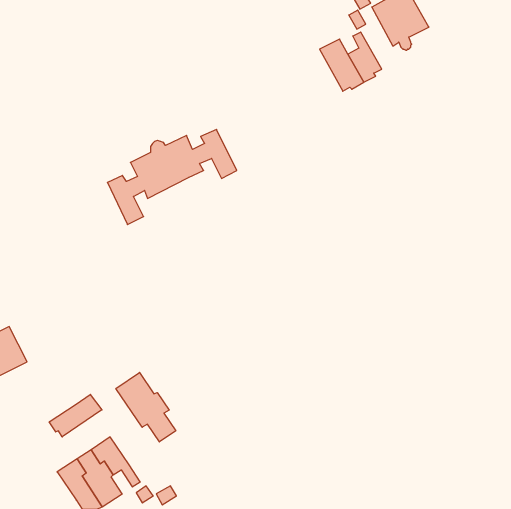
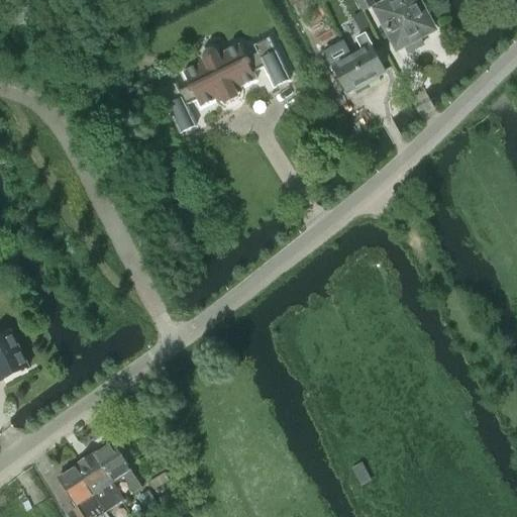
building: [107,129,237,225] -> [159,36,289,132]
building: [116,372,176,442] -> none
building: [49,394,102,437] -> none

